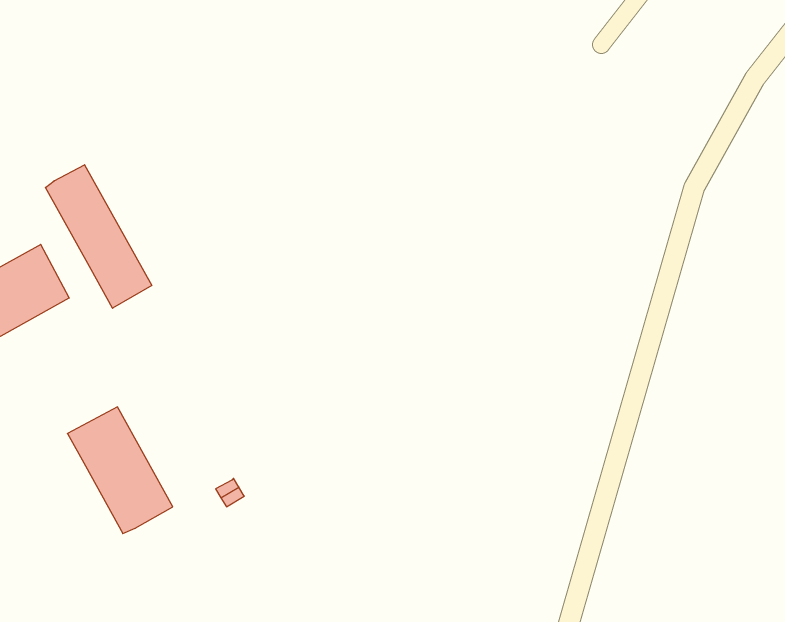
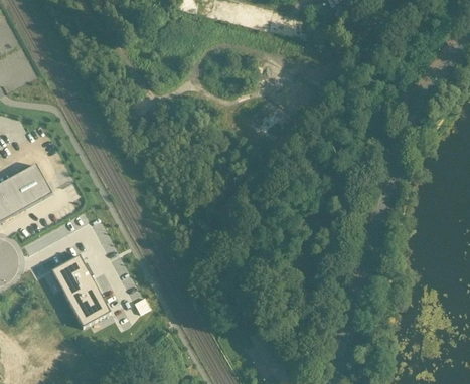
building: [45,165,152,308] -> none

